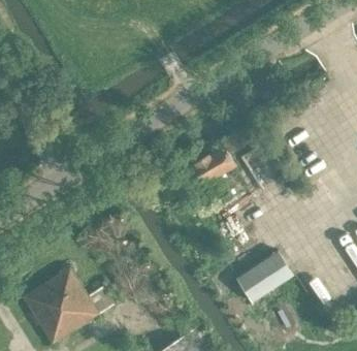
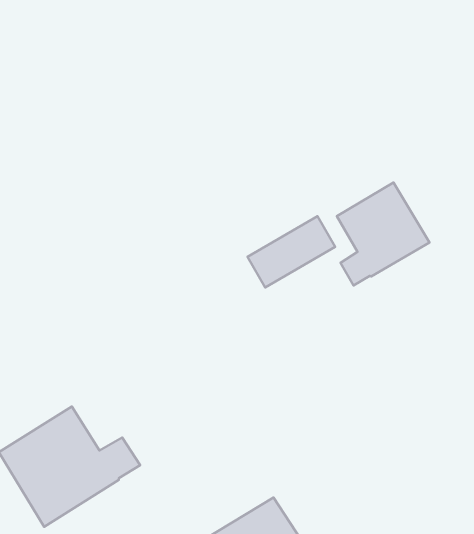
building: none -> [337,183,430,286]
building: [236,251,293,301] -> none

